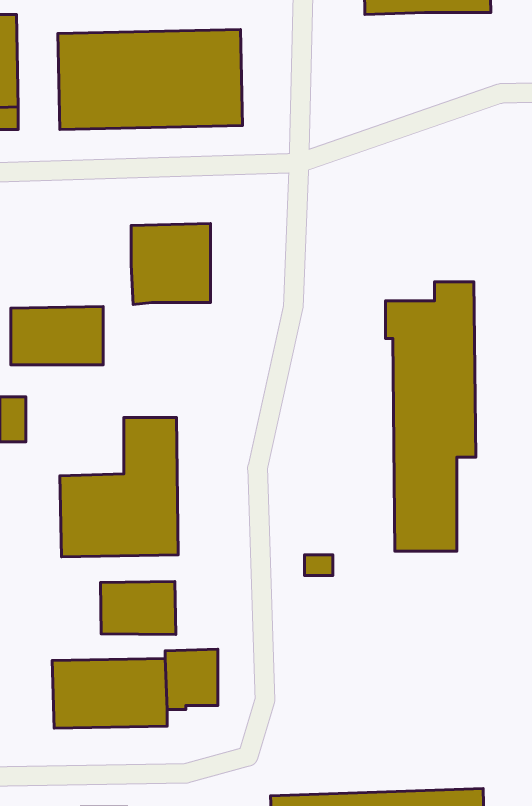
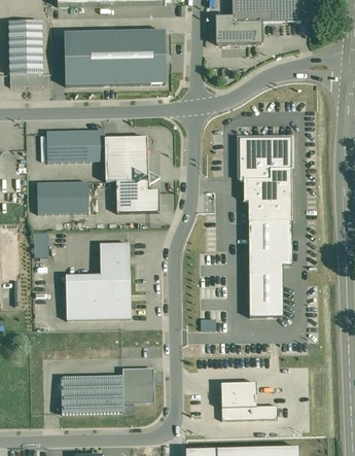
building: none -> [216,19,264,46]
building: none -> [45,129,104,161]
building: none -> [236,136,291,178]
building: none -> [115,179,158,211]
building: [101,582,176,634] -> none
building: none -> [220,382,276,419]

